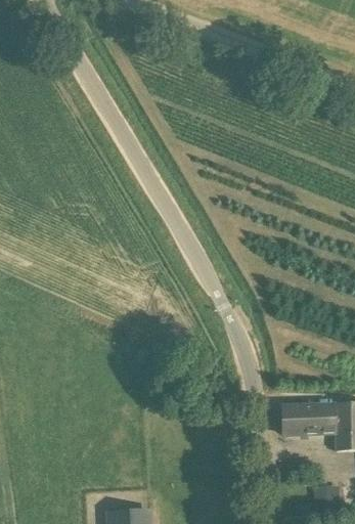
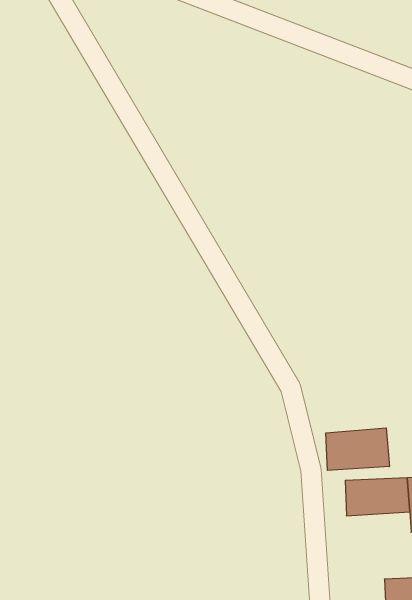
building: none -> [326,428,389,470]

